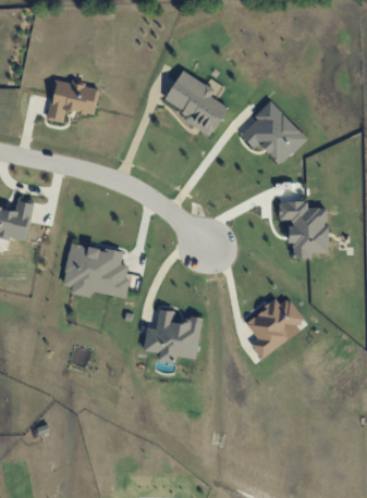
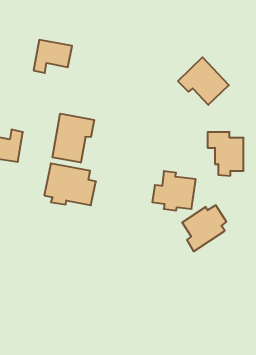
building: [163,70,227,136] -> none
building: none -> [53,114,94,163]
building: [143,308,200,360] -> [152,171,196,211]

